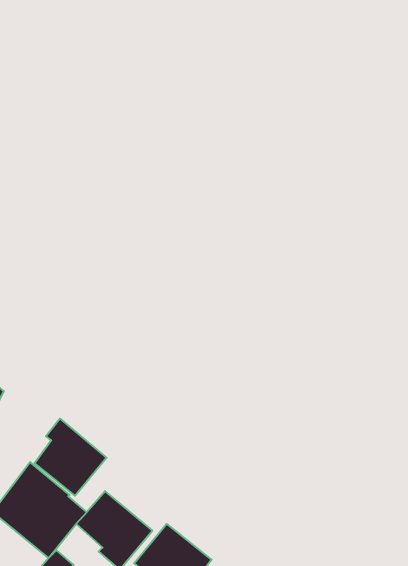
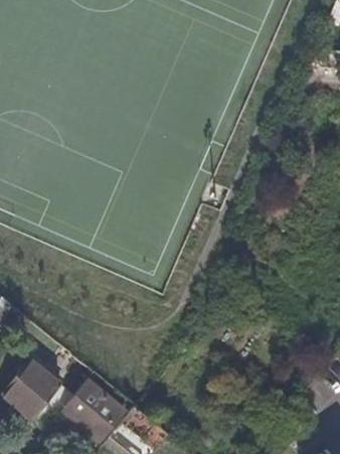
building: [34,419,107,496] -> none

